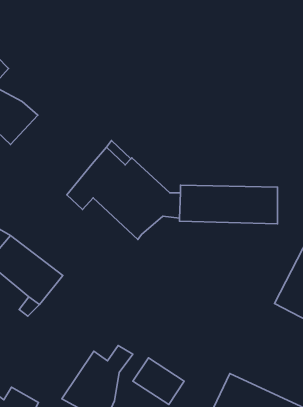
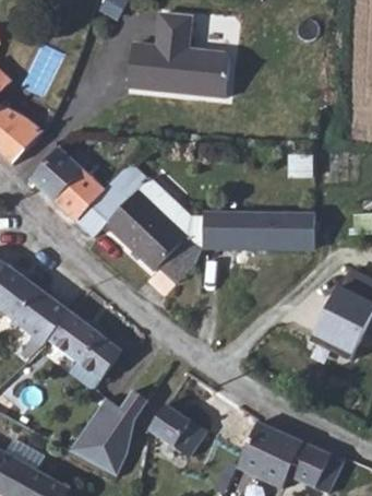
building: none -> [127,12,229,97]
building: none -> [28,145,104,221]
building: none -> [159,245,202,284]
building: none -> [48,311,123,389]

